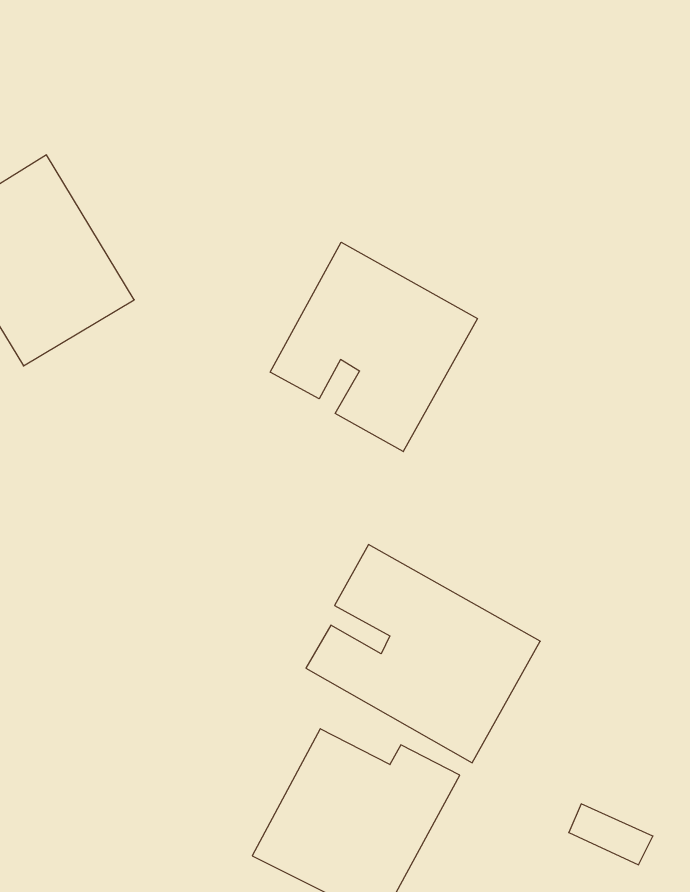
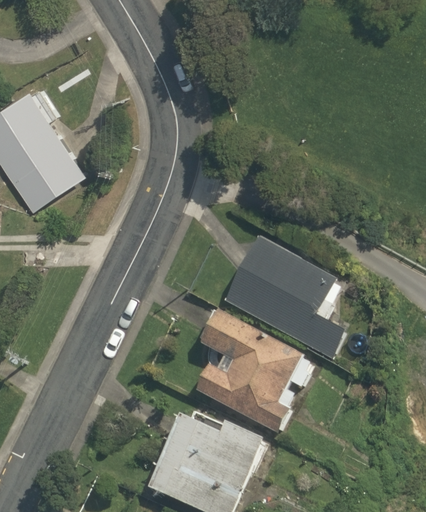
building: [270,242,477,452] -> none
building: none -> [226,240,339,357]

